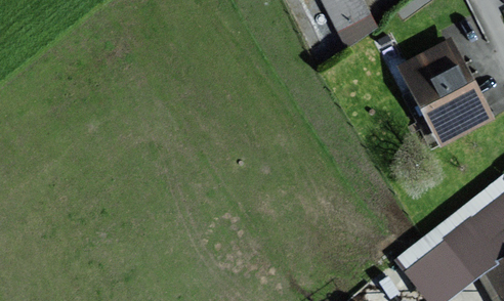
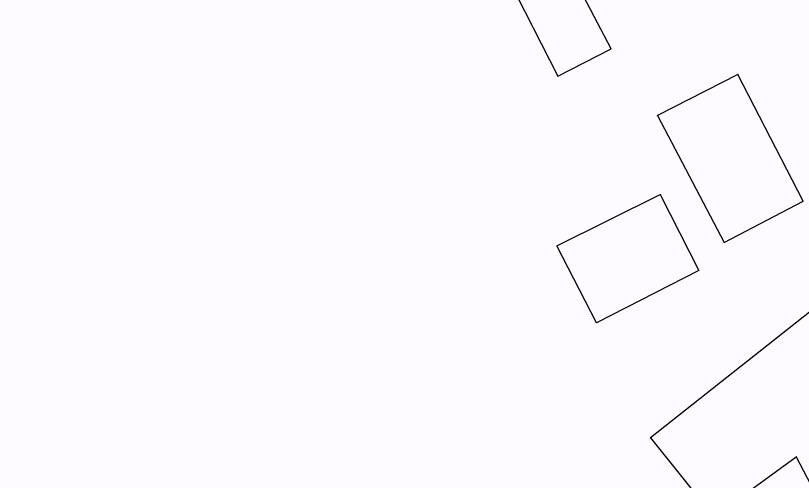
building: none -> [557,195,699,323]

